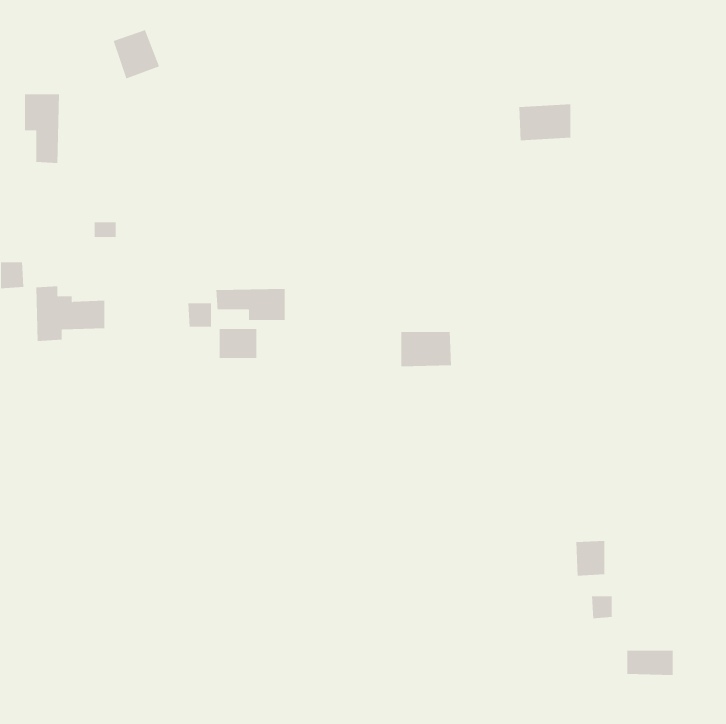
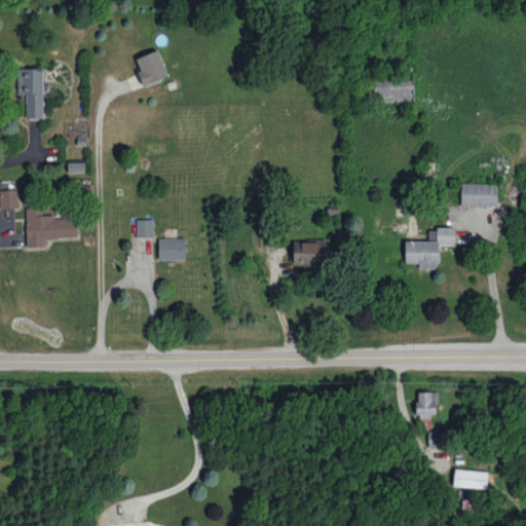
building: [113,30,160,79] -> [135,51,168,87]
building: none -> [460,185,497,208]
building: [216,288,285,321] -> none
building: none -> [405,229,456,270]

